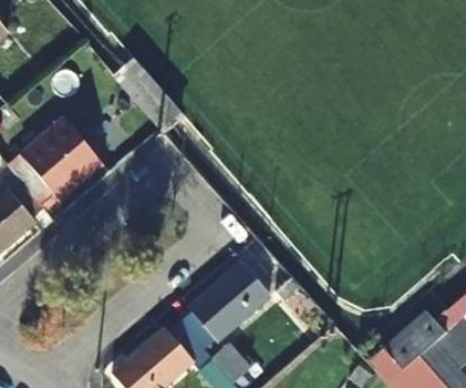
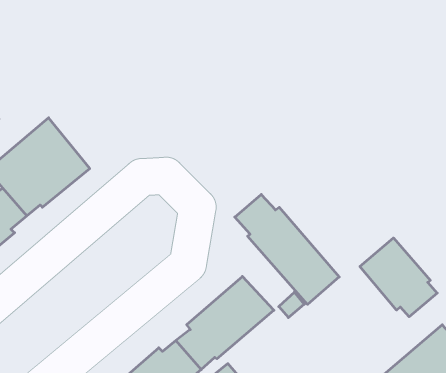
building: none -> [235,194,339,304]
building: none -> [360,238,437,317]

